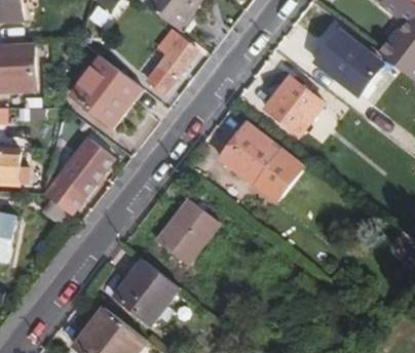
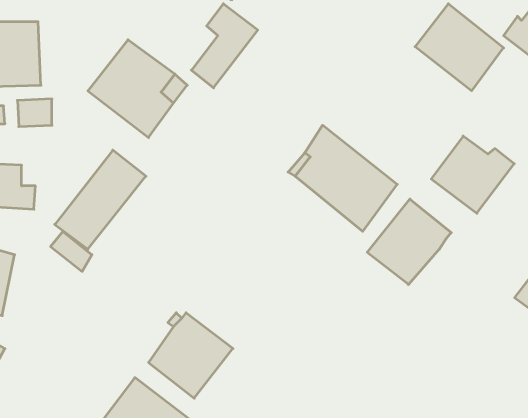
building: [264,76,326,133] -> [431,136,514,213]
building: none -> [367,199,451,285]
building: [149,201,215,272] -> none

